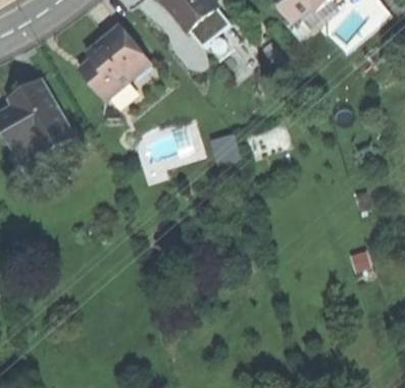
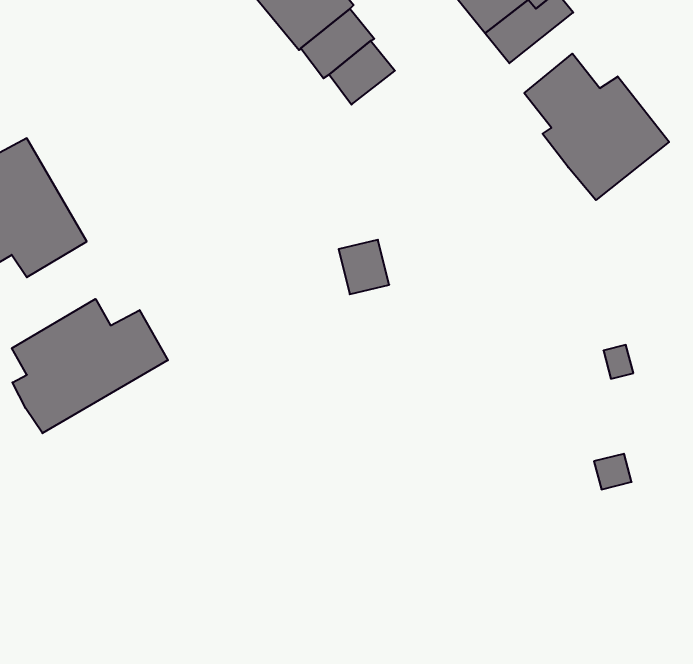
building: [80,24,150,99] -> none
building: none -> [524,54,669,200]
building: none -> [12,299,168,433]

